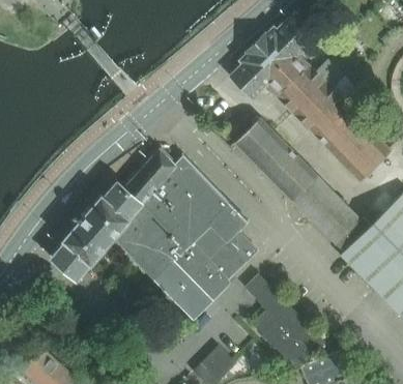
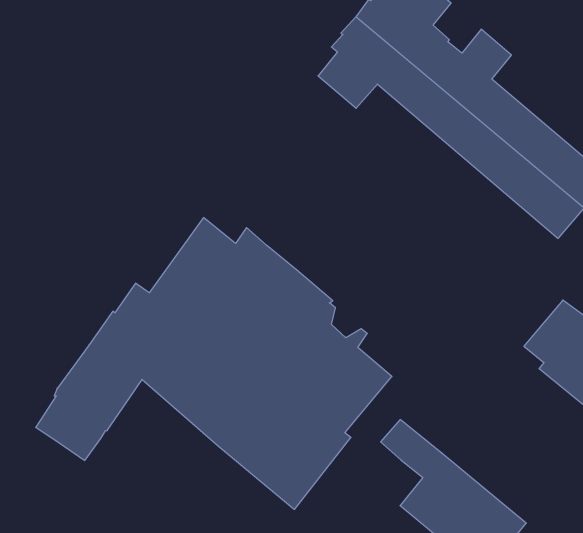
building: [234,117,357,241] -> none

